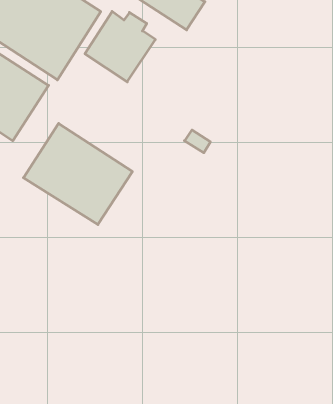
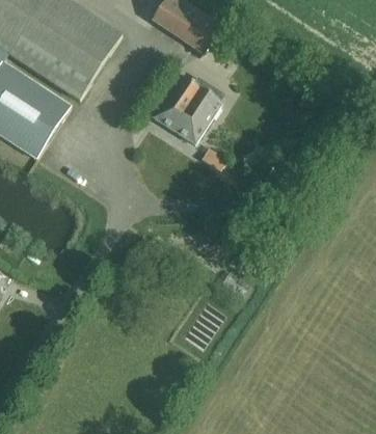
building: [85,11,155,82] -> [154,75,221,142]
building: [23,123,132,225] -> none

